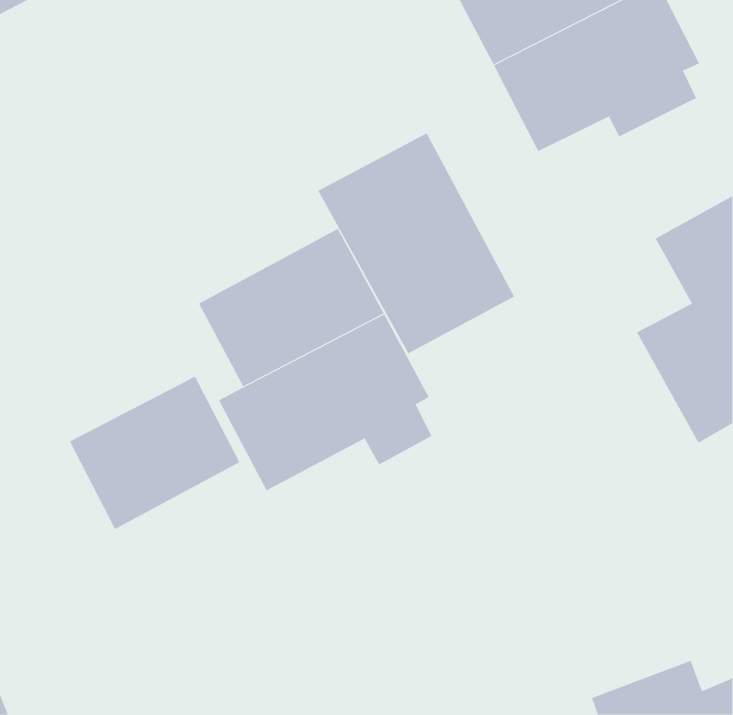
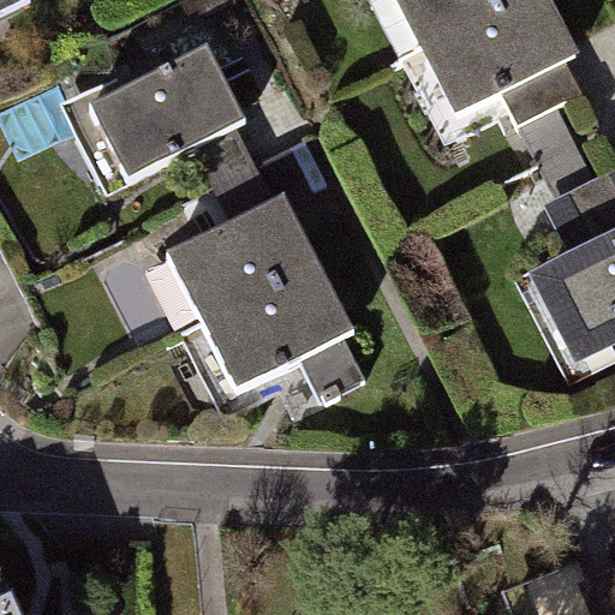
building: none -> [90,42,249,175]
building: [317,132,515,354] -> none
building: [69,376,240,530] -> none

